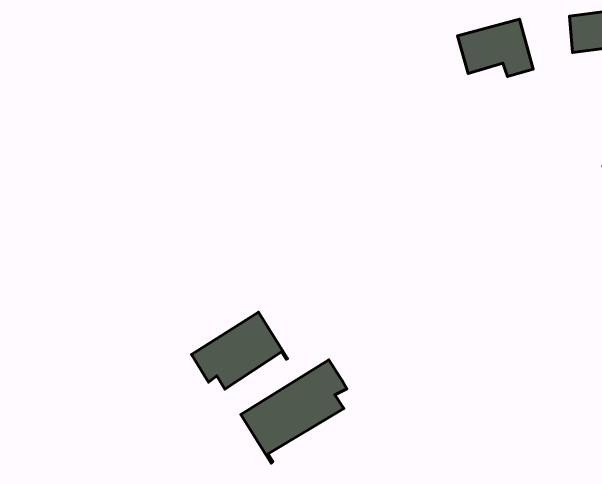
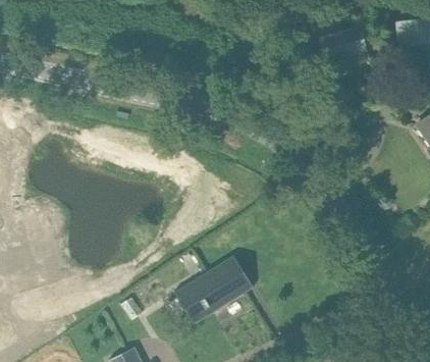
building: [191,312,288,389] -> none

